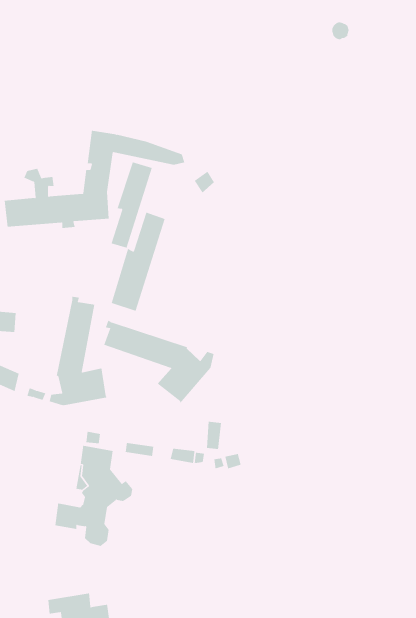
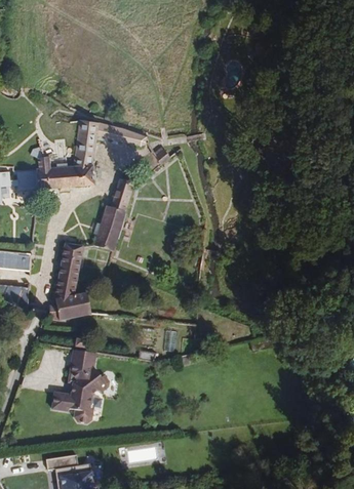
building: [111,161,153,248] -> none
building: [104,320,214,404] -> none

